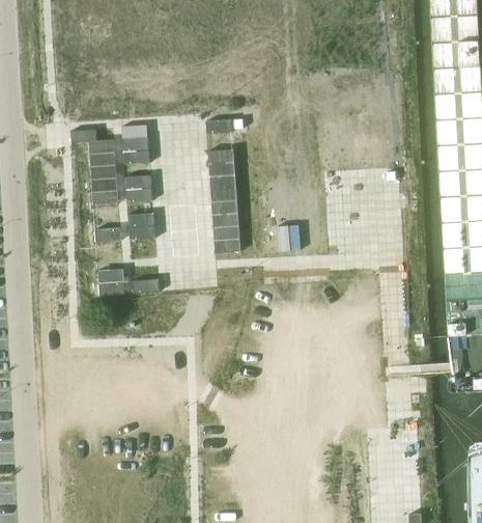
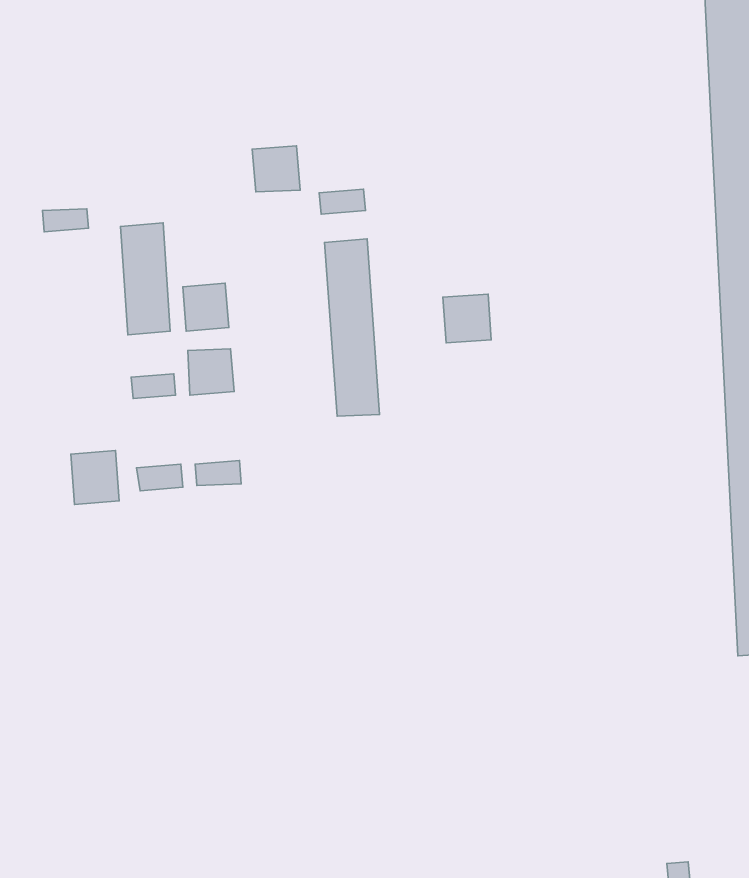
building: [122,136,150,163] -> [252,146,300,192]
building: none -> [443,294,491,343]
building: none -> [71,450,119,505]

